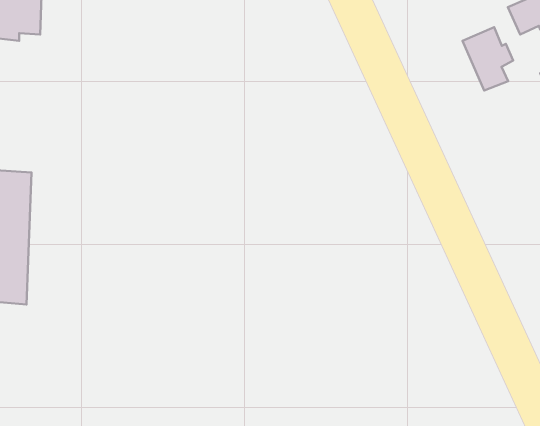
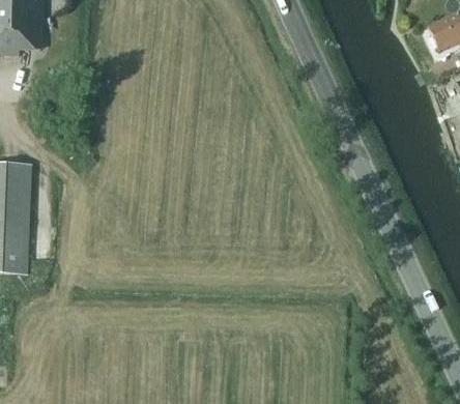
building: [463,27,513,90] -> none

